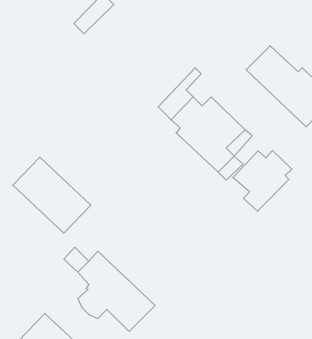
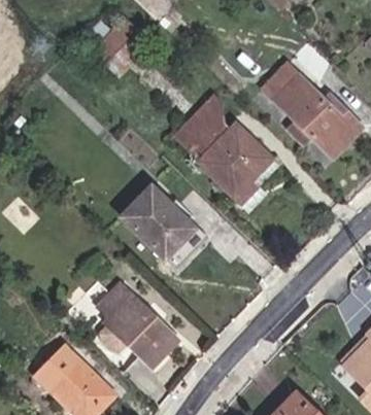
building: [233,151,292,211] -> none
building: [13,157,91,233] -> [122,186,202,265]

